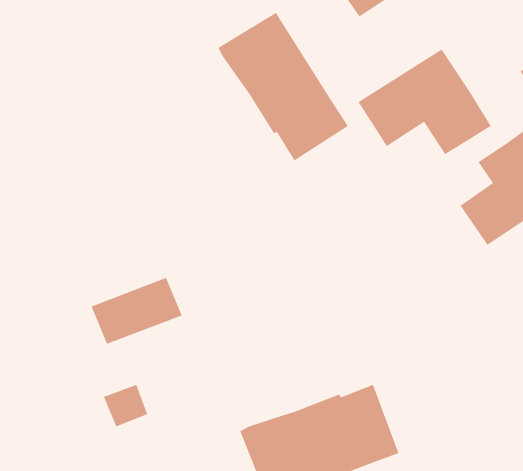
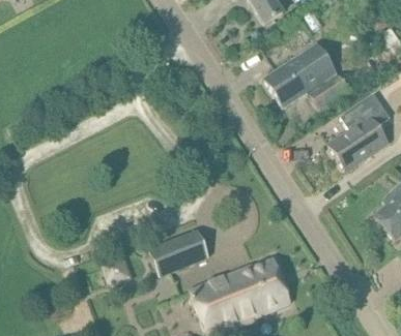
building: [217,12,349,162] -> none
building: [90,277,183,345] -> [151,230,210,273]

